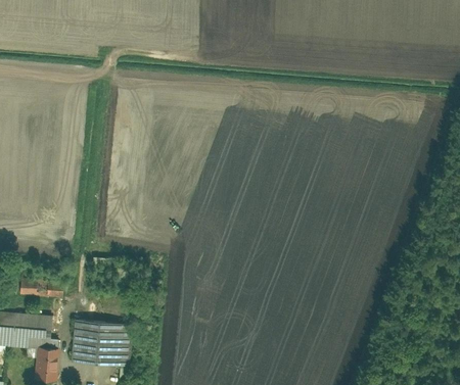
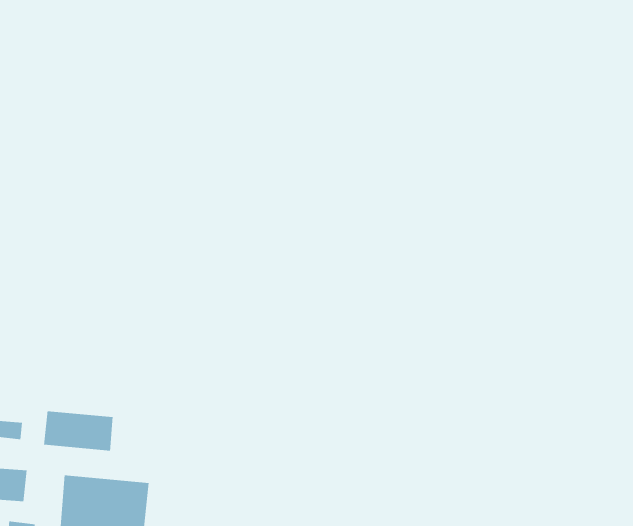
building: none -> [44,411,113,452]

